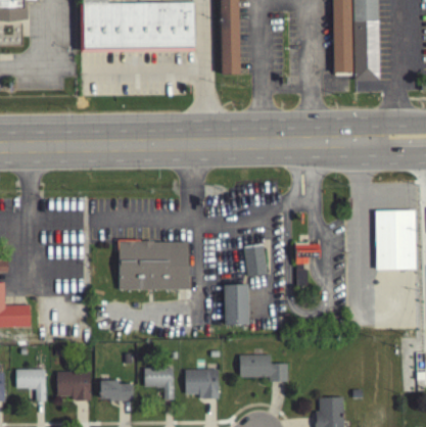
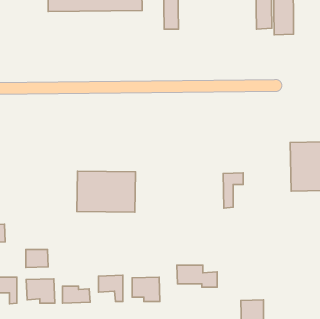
building: [244,246,265,276] -> none
building: [223,285,247,326] -> none
building: none -> [26,250,48,268]

